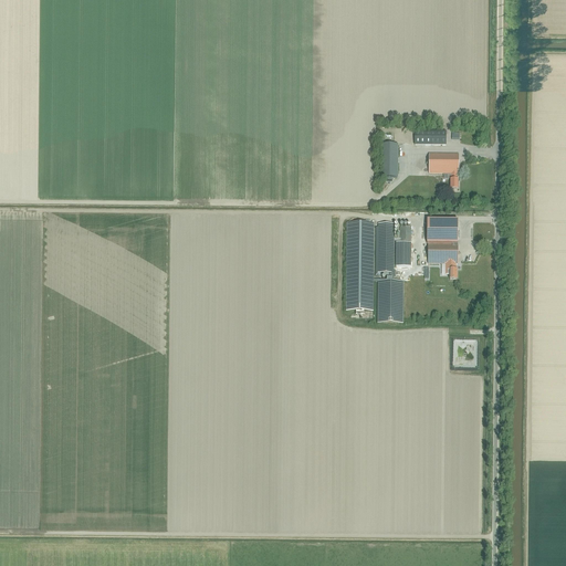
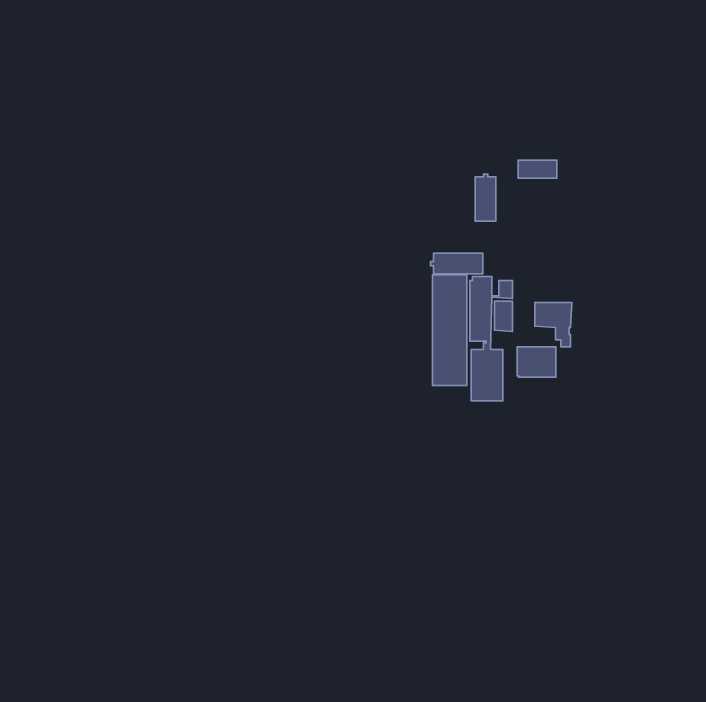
building: [428,151,458,187] -> none
building: none -> [431,253,483,274]
building: [427,218,458,242] -> [517,347,556,377]

